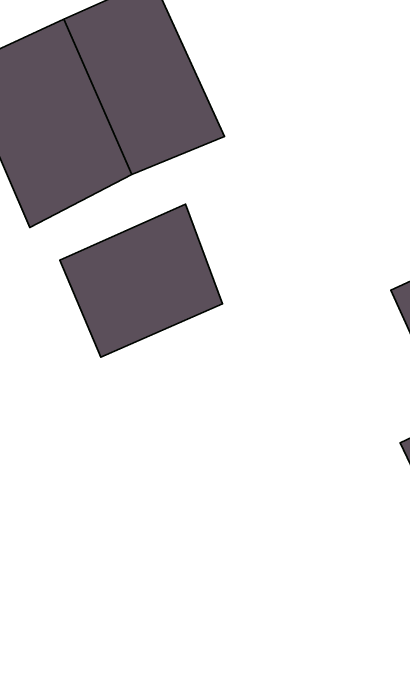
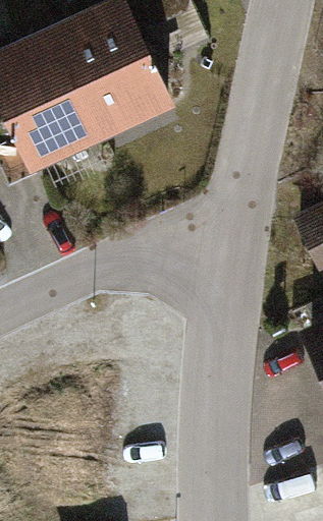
building: [60,204,223,357] -> none

